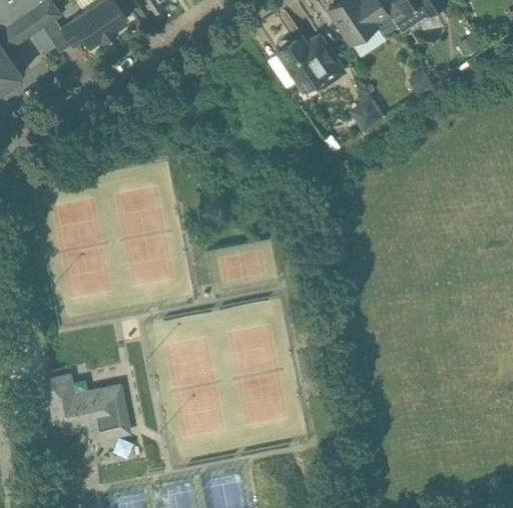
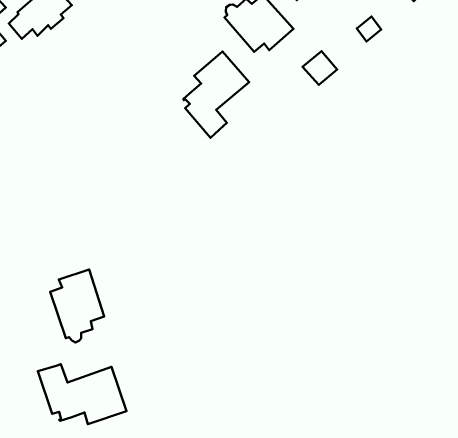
building: none -> [184,51,249,138]
building: none -> [50,270,104,342]

